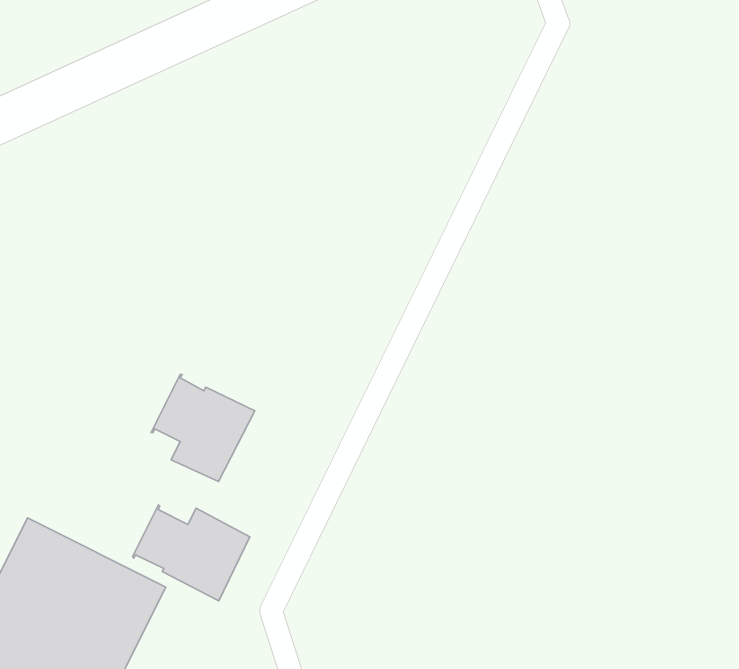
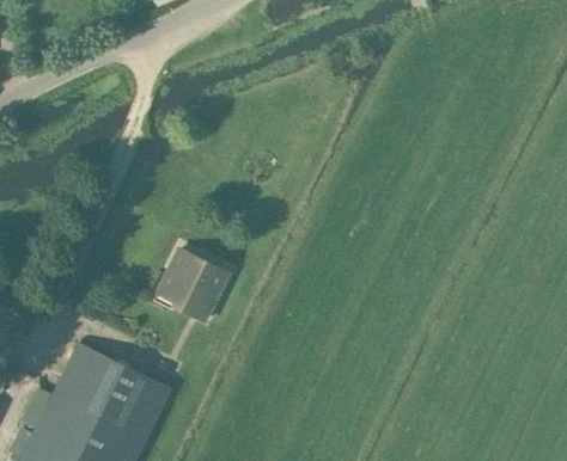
building: [132,505,250,601] -> none

